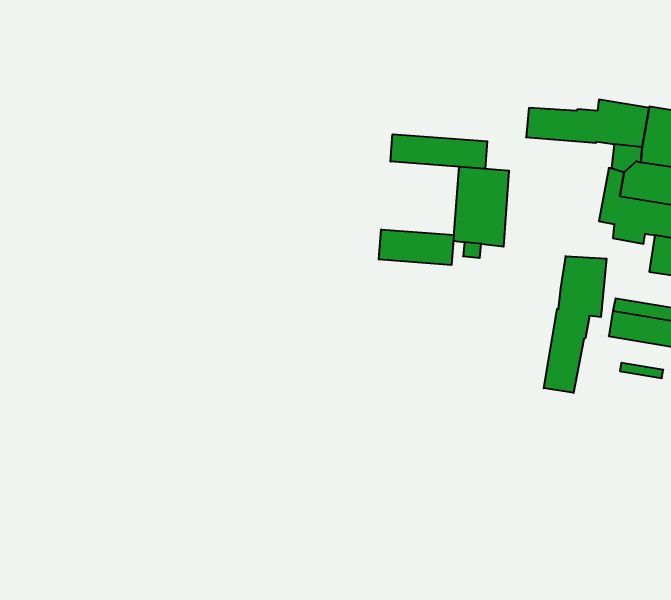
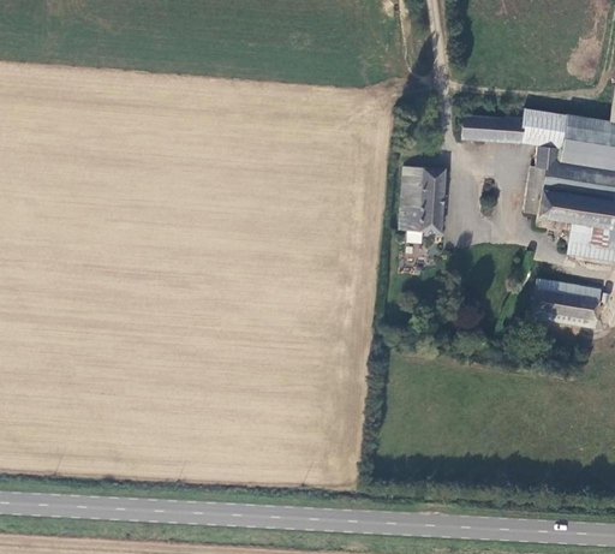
building: [390,134,487,169] -> none
building: [379,229,454,265] -> none
building: [544,256,606,393] -> none

